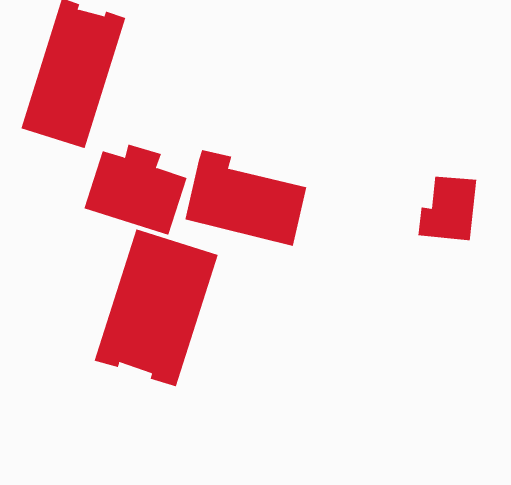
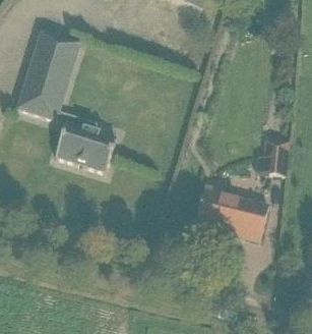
building: [184,150,307,247] -> [195,181,268,239]
building: [94,228,219,387] -> none

